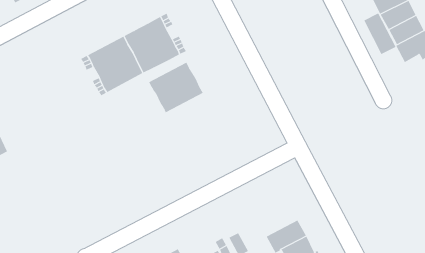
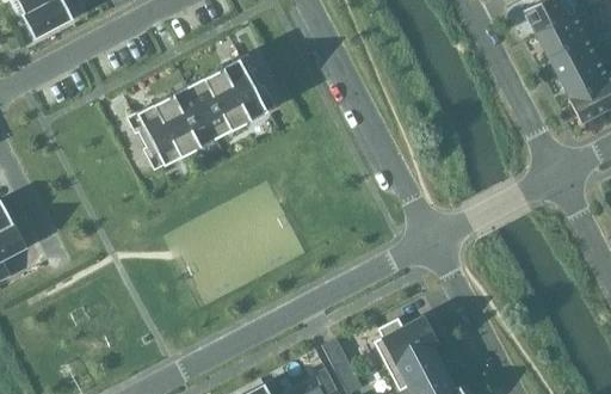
building: [363,12,396,55] -> none
building: [149,62,204,113] -> none
building: none -> [374,316,437,368]

